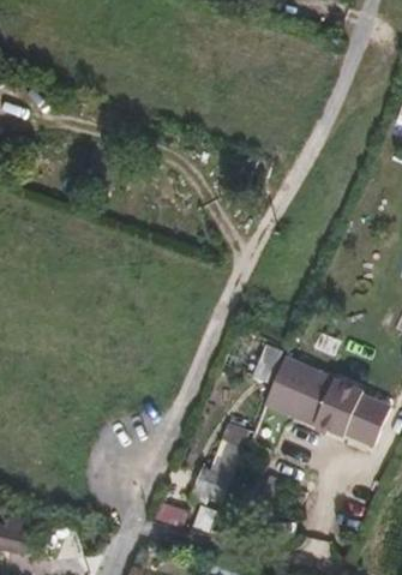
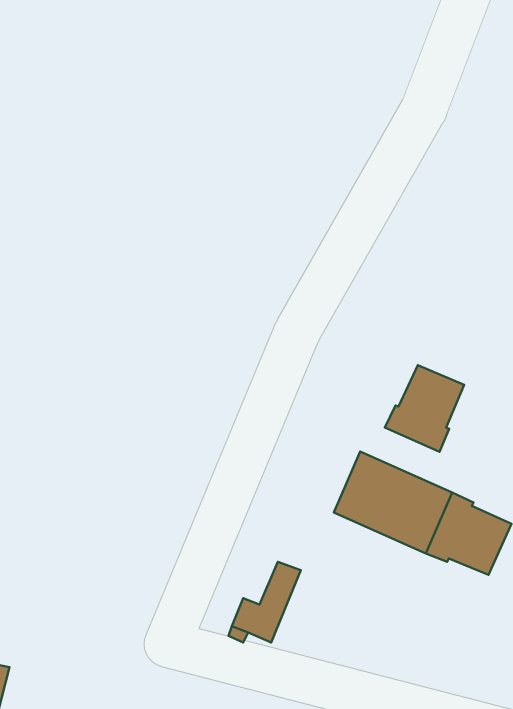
building: none -> [385,365,464,452]

